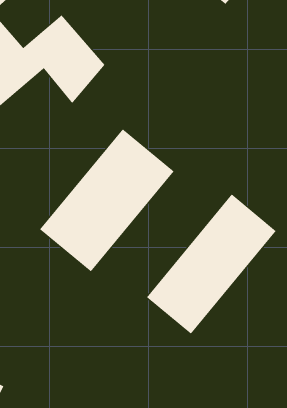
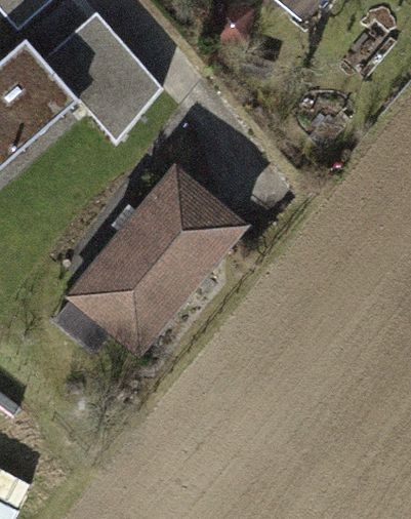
building: [146,194,277,335] -> none

